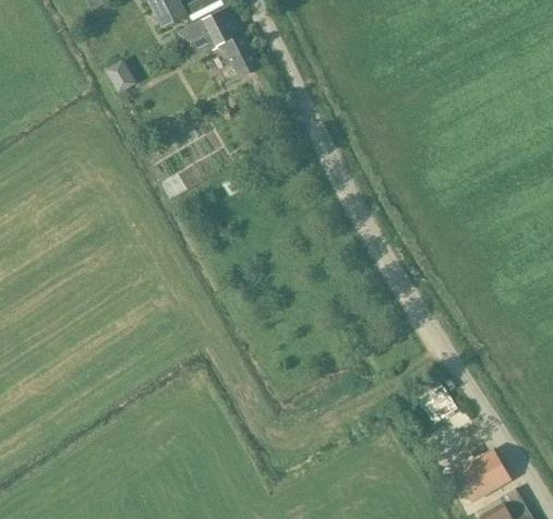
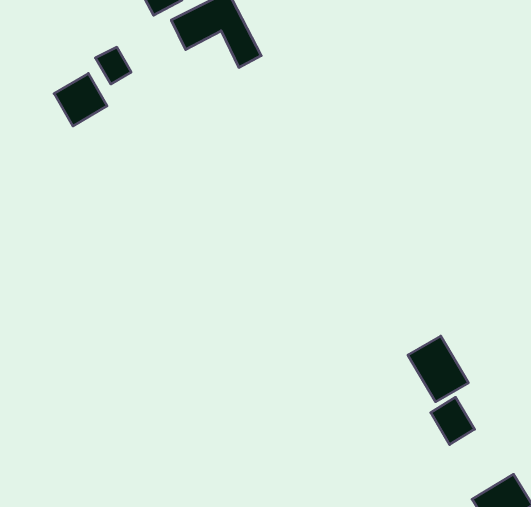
building: none -> [54,73,107,126]
building: none -> [408,336,468,402]

